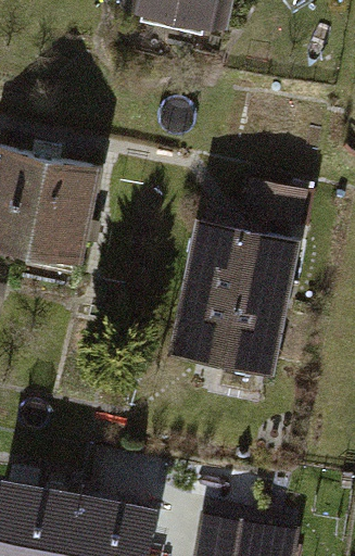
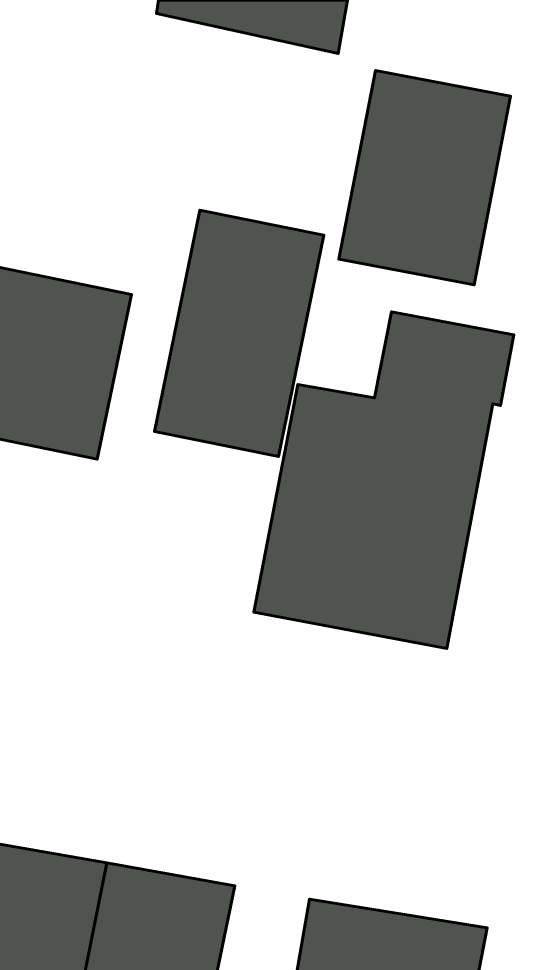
building: none -> [339,70,511,285]
building: none -> [154,210,324,457]

